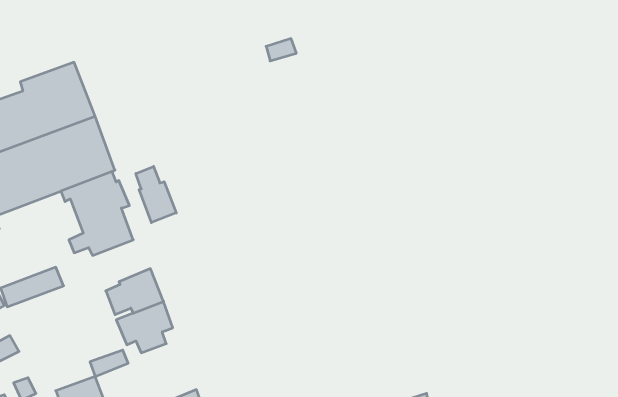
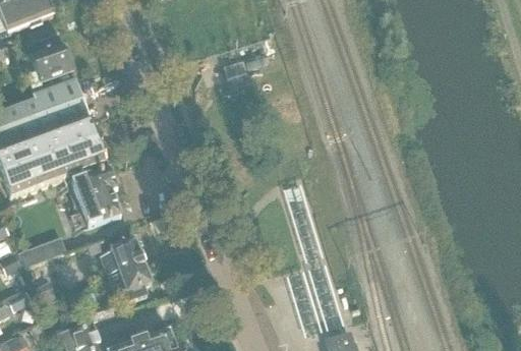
building: none -> [26,42,71,85]
building: [136,166,176,223] -> none

